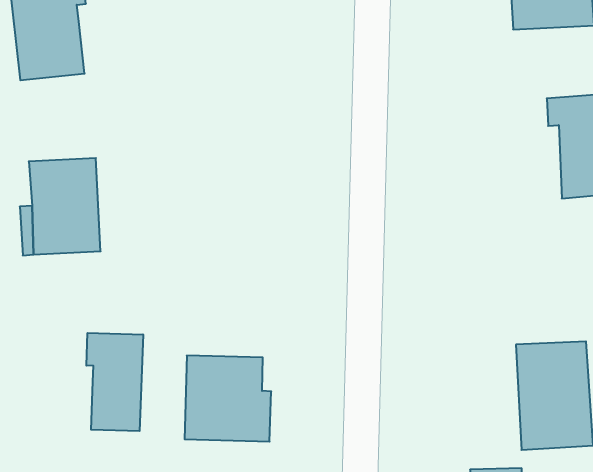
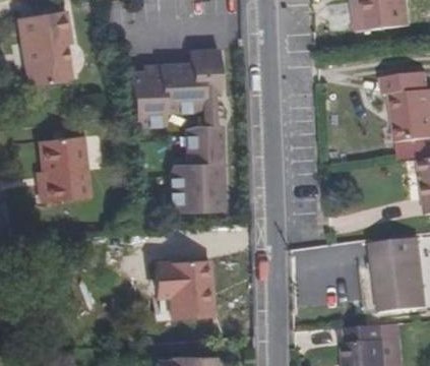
building: none -> [130,52,220,123]
building: none -> [172,125,225,211]
building: [86,333,143,431] -> none

